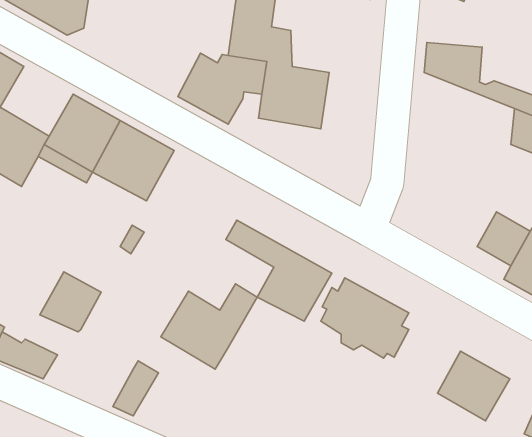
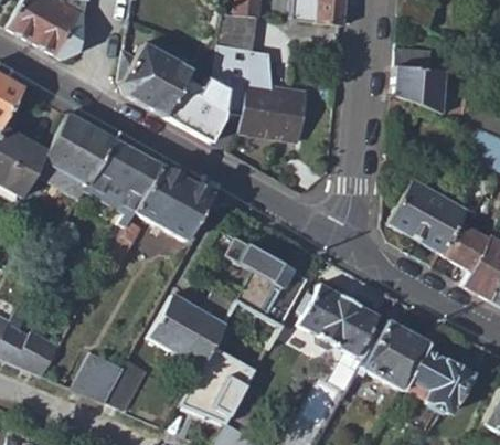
building: none -> [119,43,192,116]
building: none -> [138,166,214,241]
building: none -> [389,180,466,254]
building: [40,272,101,332] -> [70,348,126,403]
building: none -> [359,318,430,391]
building: none -> [179,347,257,424]

